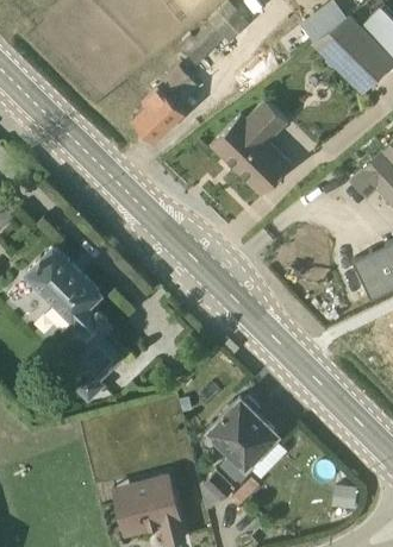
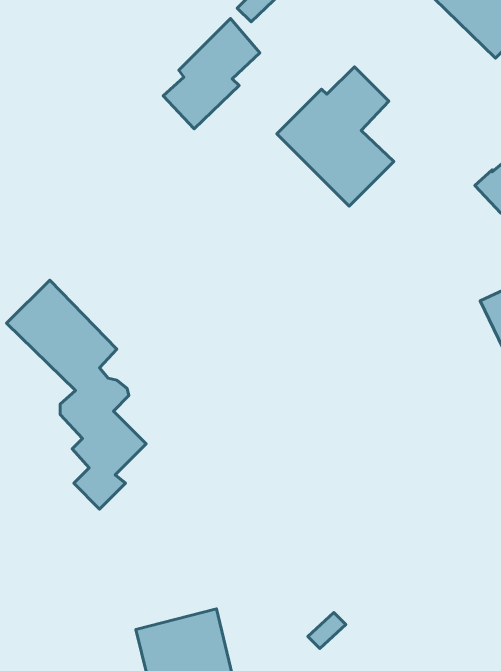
building: [201,397,287,510] -> none

